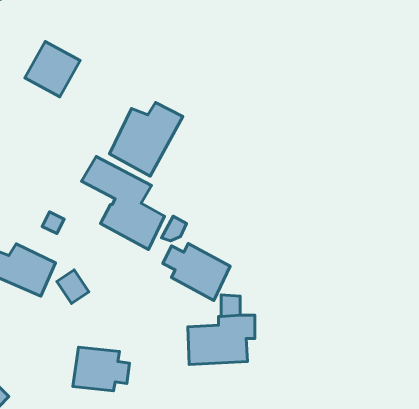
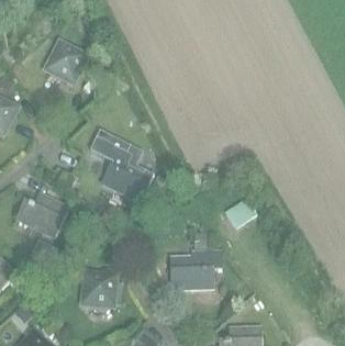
building: [109,103,183,176] -> none
building: [163,243,230,300] -> none

